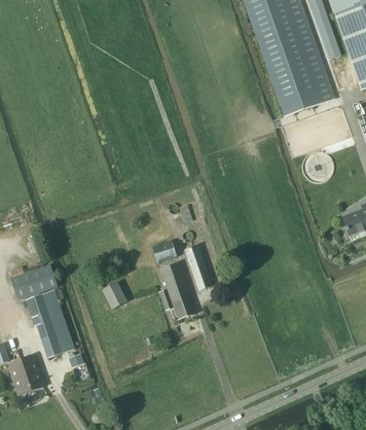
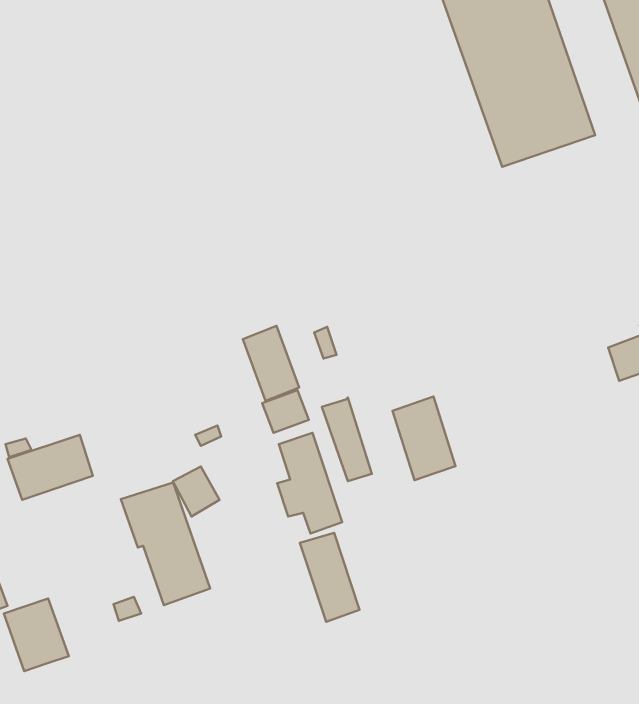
building: none -> [243,326,299,401]
building: none -> [392,397,455,480]
building: [25,290,74,358] -> [121,482,210,605]
building: none -> [300,533,360,622]

